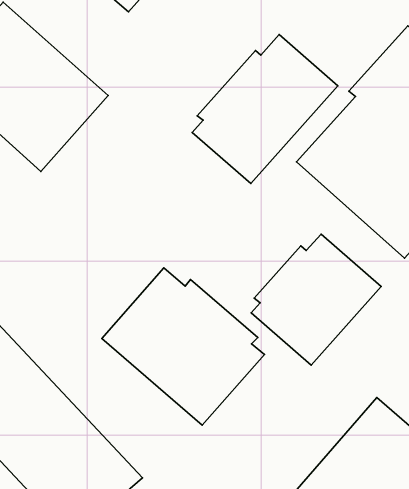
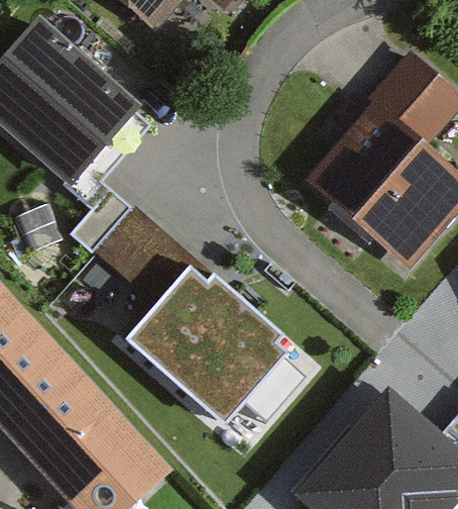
building: [192,35,338,184] -> none
building: [251,234,381,365] -> none

